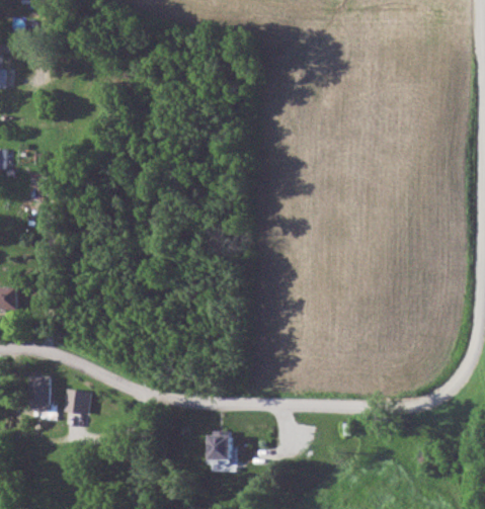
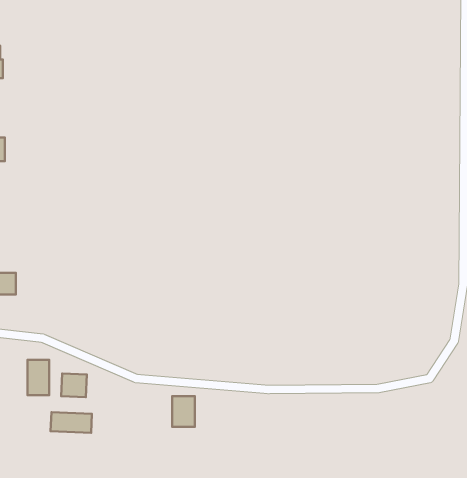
building: none -> [51,412,92,433]
building: [213,433,236,464] -> [172,396,195,427]

